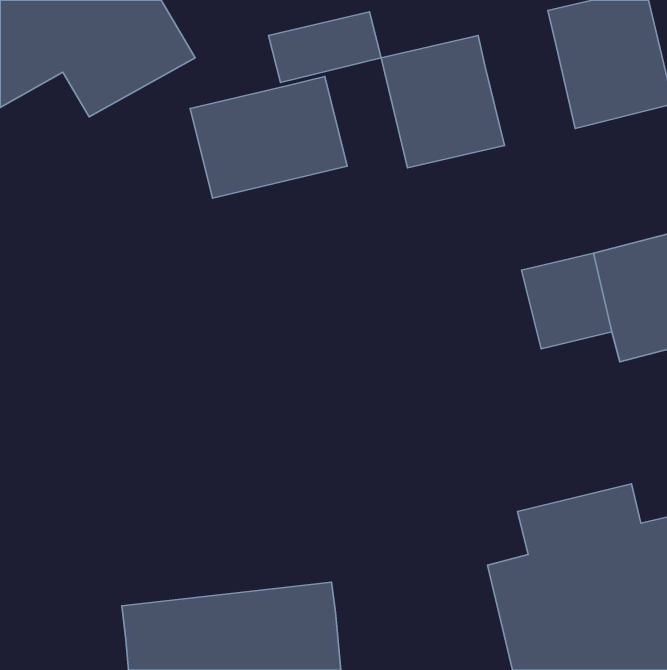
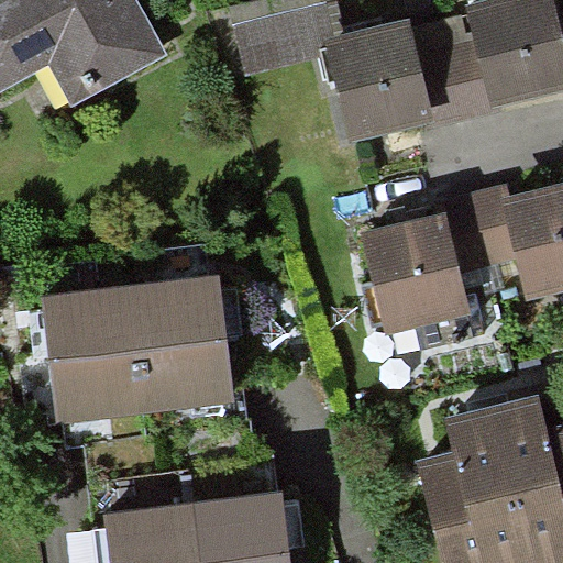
building: none -> [409,41,485,122]
building: [190,76,347,198] -> none
building: none -> [357,227,464,344]
building: none -> [48,280,238,418]

